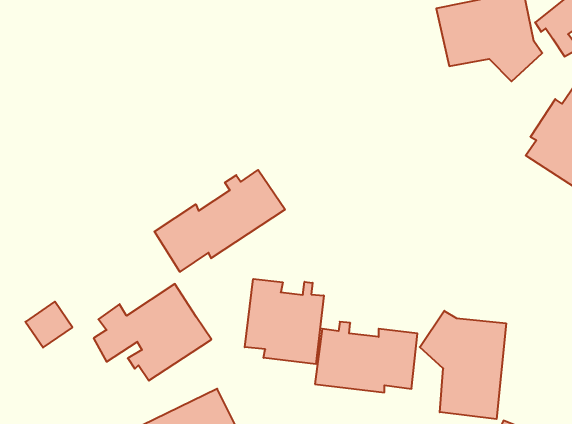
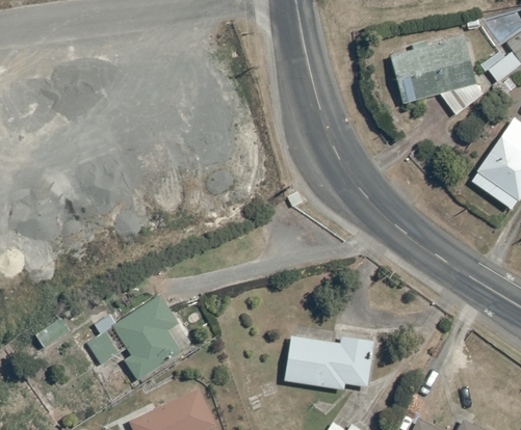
building: [154,170,285,272] -> none
building: [245,279,324,364] -> none
building: [420,311,506,419] -> none

